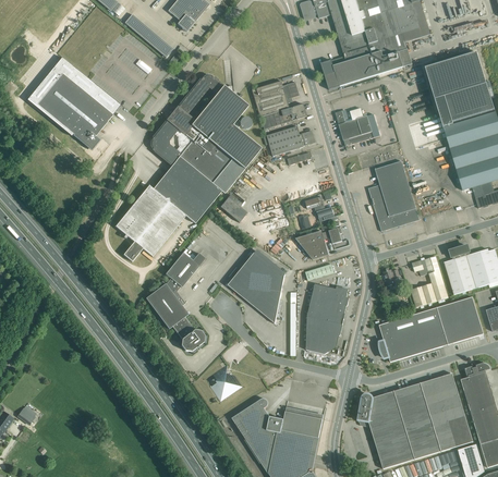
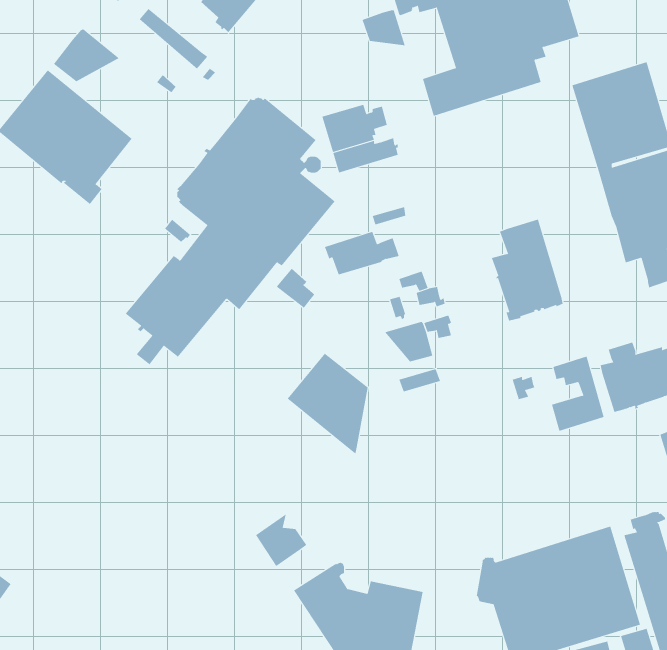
building: none -> [362,10,406,46]
building: none -> [53,28,120,82]
building: [336,108,382,146] -> none
building: [263,125,315,156] -> [324,231,400,275]
building: [146,252,206,351] -> none
building: [306,283,349,354] -> none
building: [379,296,484,362] -> none

